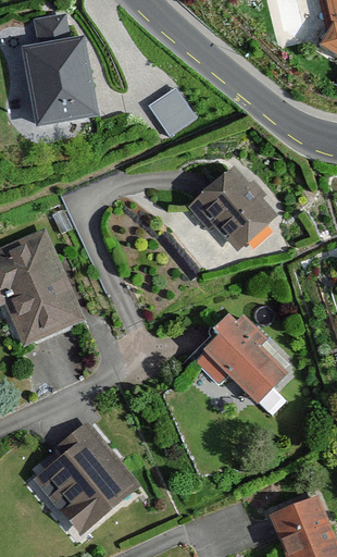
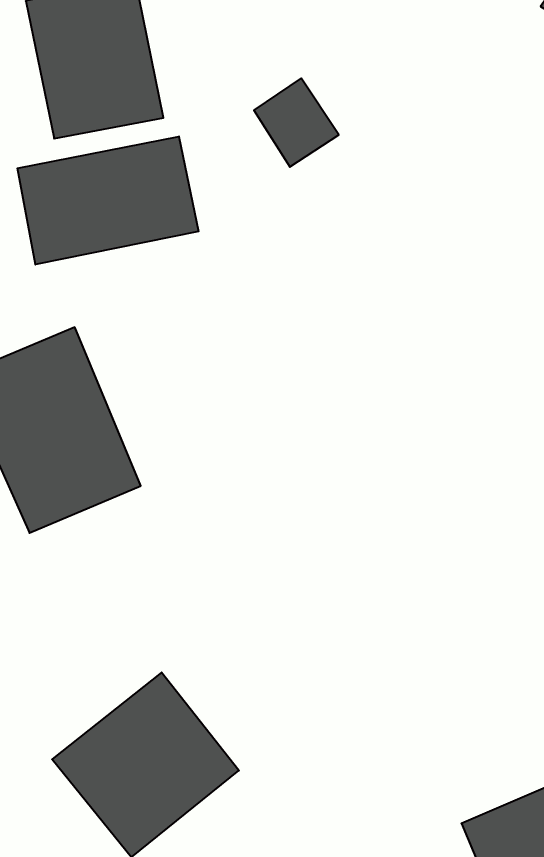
building: none -> [17,136,199,265]
building: [187,165,278,251] -> none
building: [197,314,286,403] -> none

